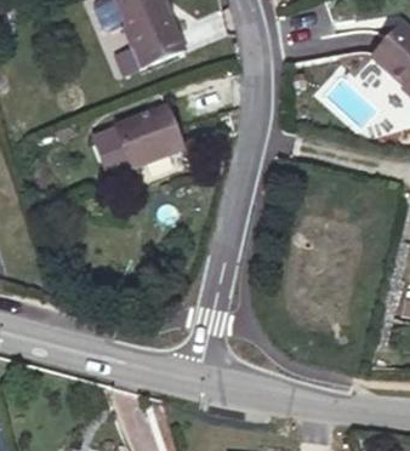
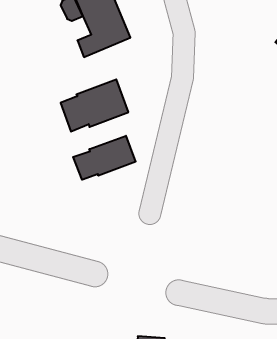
building: none -> [73,136,136,180]

